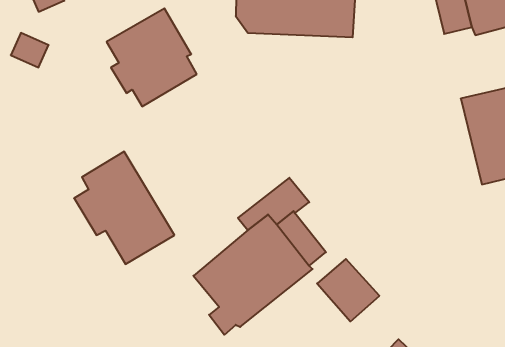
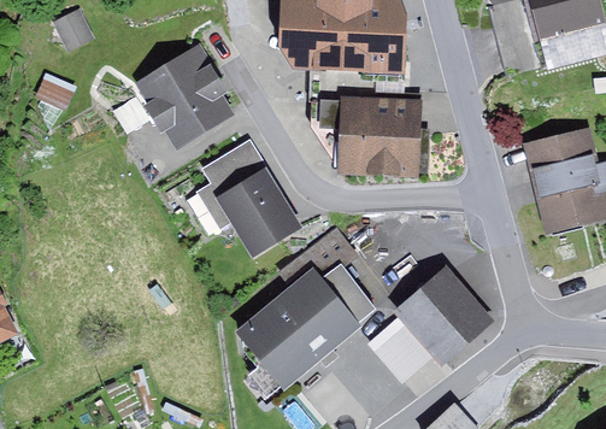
building: none -> [318,96,423,181]
building: [74,152,174,264] -> [195,140,304,261]
building: none -> [394,265,494,366]

